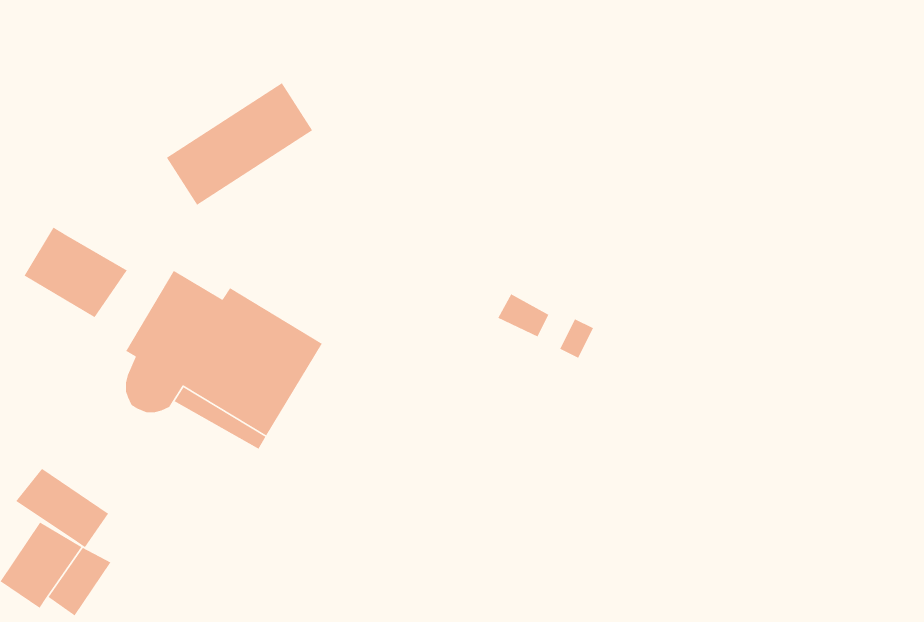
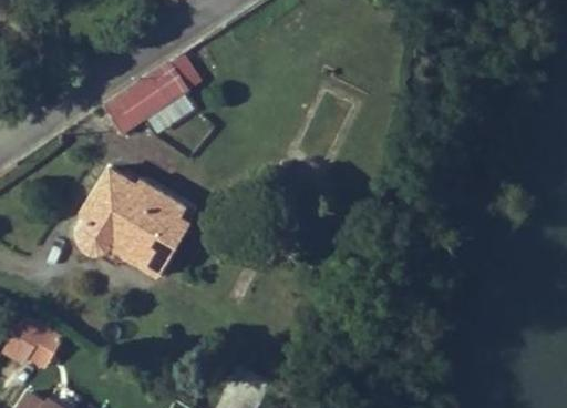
building: [23,227,128,318] -> none
building: [15,468,109,548] -> none

